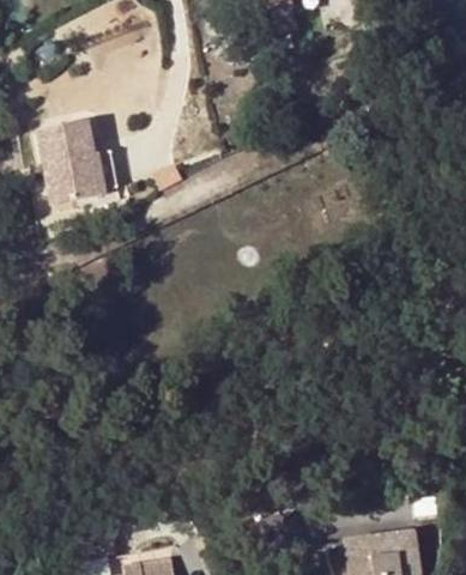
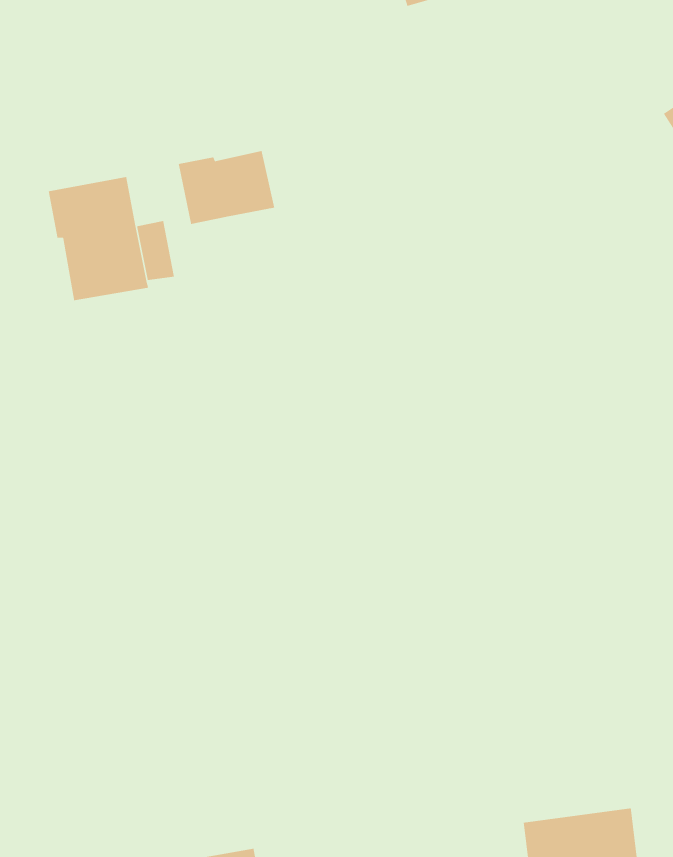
building: none -> [178,150,275,225]

